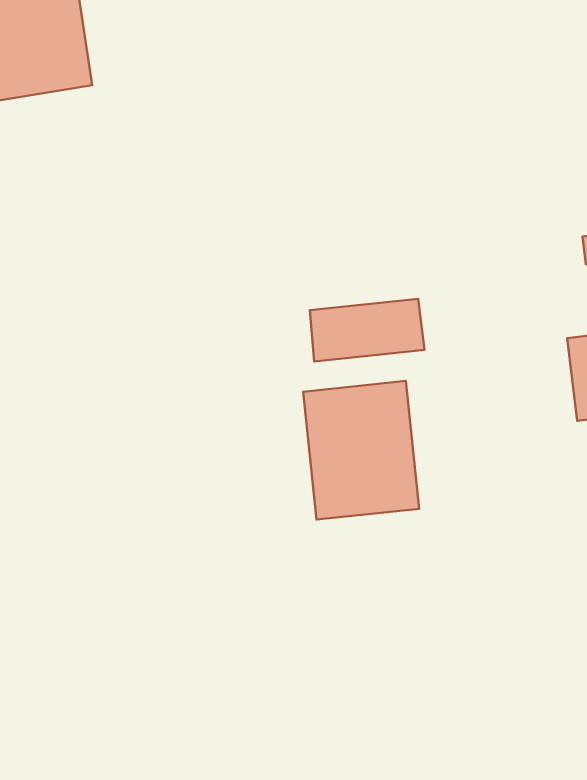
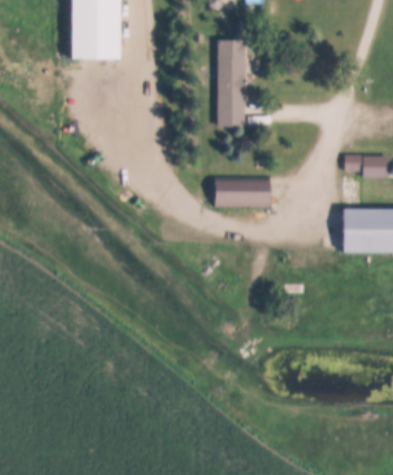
building: none -> [216,39,248,123]
building: [303,381,419,520] -> none

